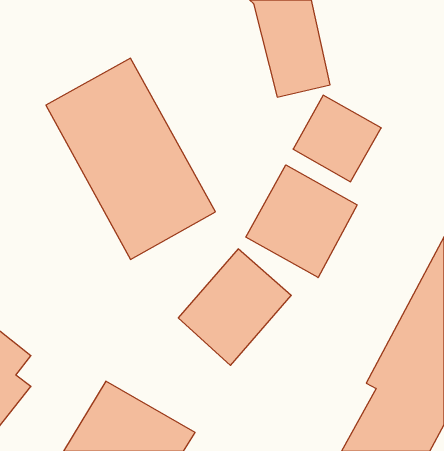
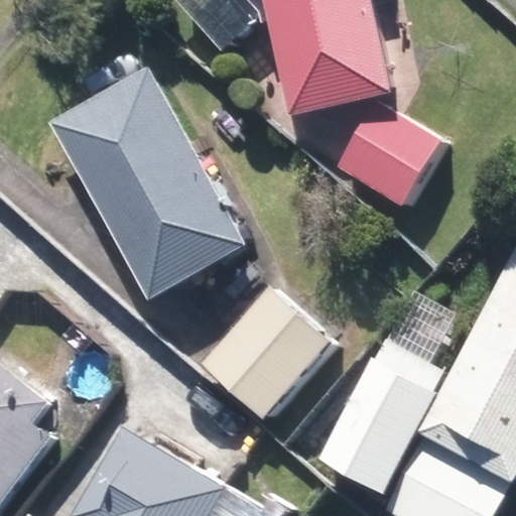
building: [246,165,357,278] -> none
building: none -> [316,348,441,496]

